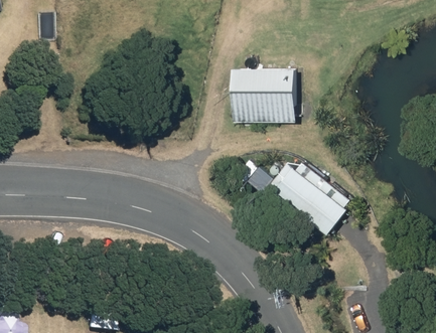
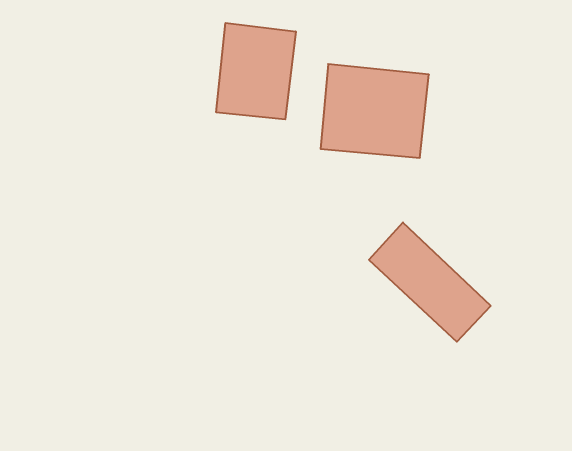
building: none -> [216,23,296,119]

